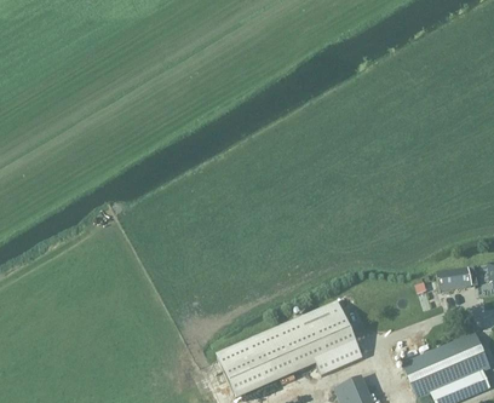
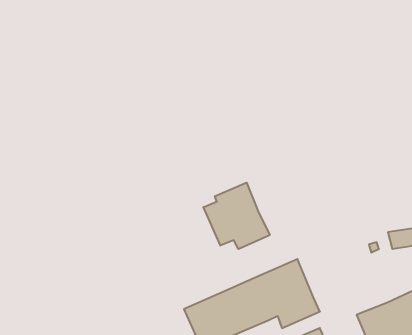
building: none -> [203,183,270,249]

